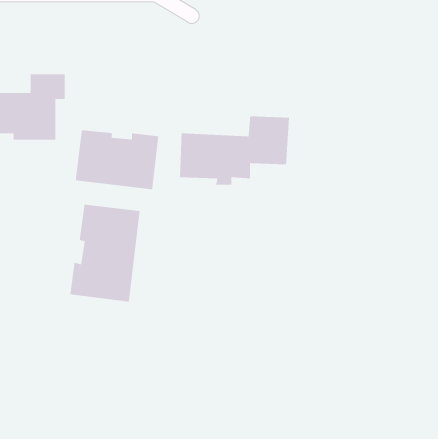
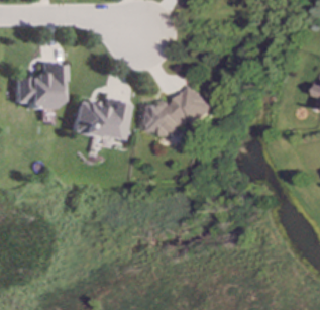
building: [70,204,140,302] -> none

